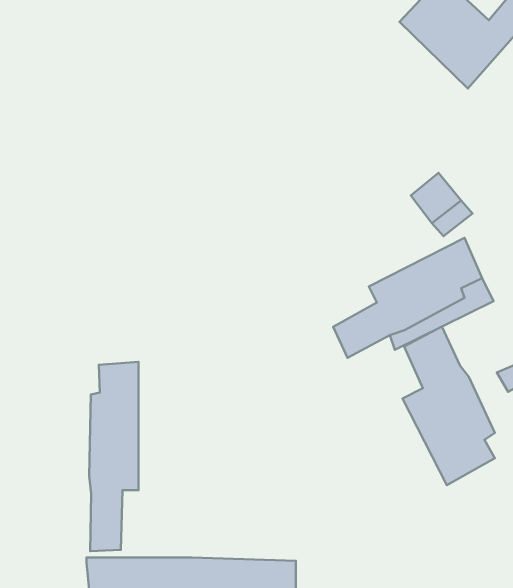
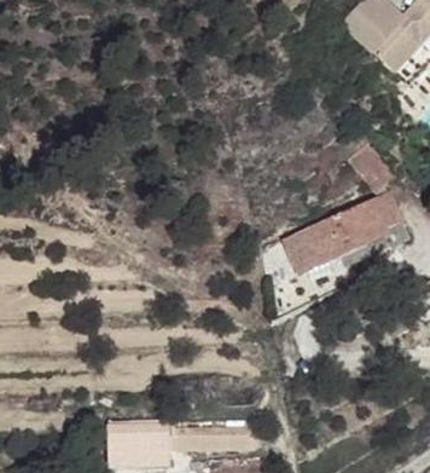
building: [403,327,495,485] -> none
building: [89,362,139,551] -> none

